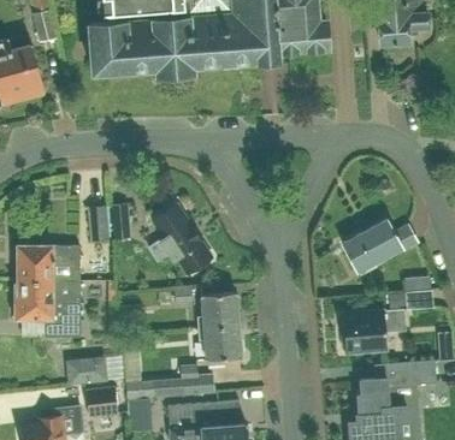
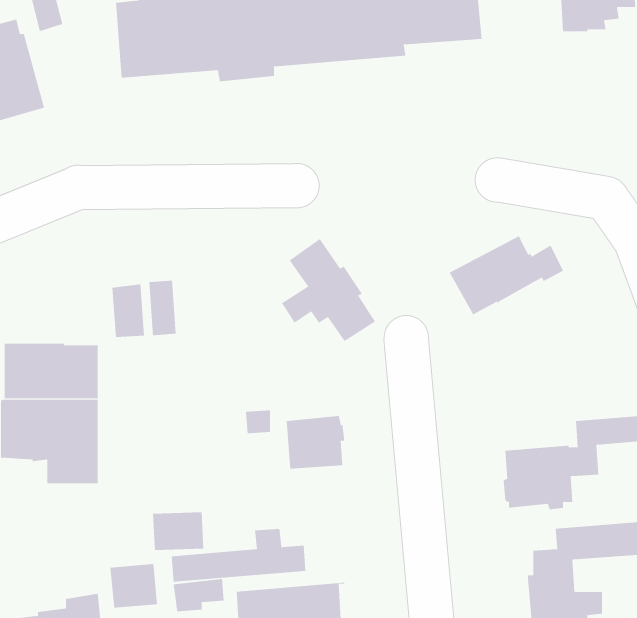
building: [149,206,211,273] -> [281,238,376,342]
building: [342,220,416,272] -> [449,236,564,315]
building: [203,325,242,365] -> none
building: [69,359,106,385] -> none

